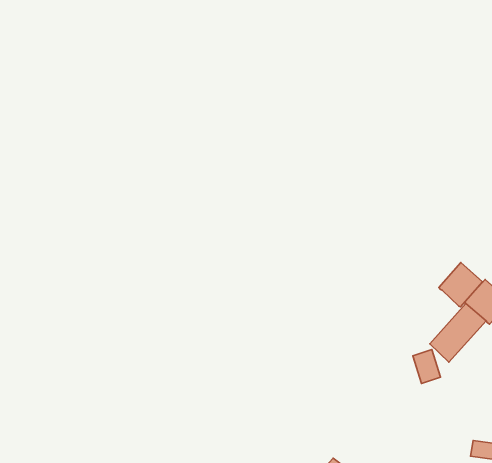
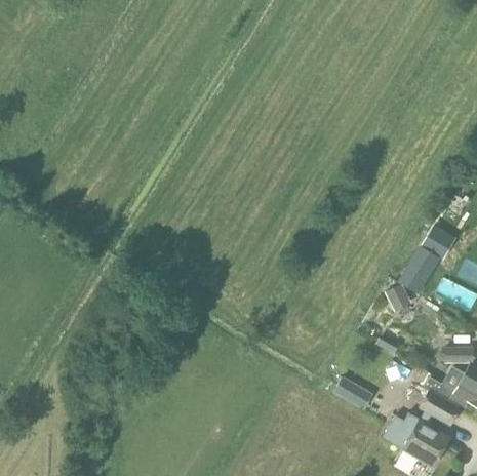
building: [439,262,483,307] -> none

